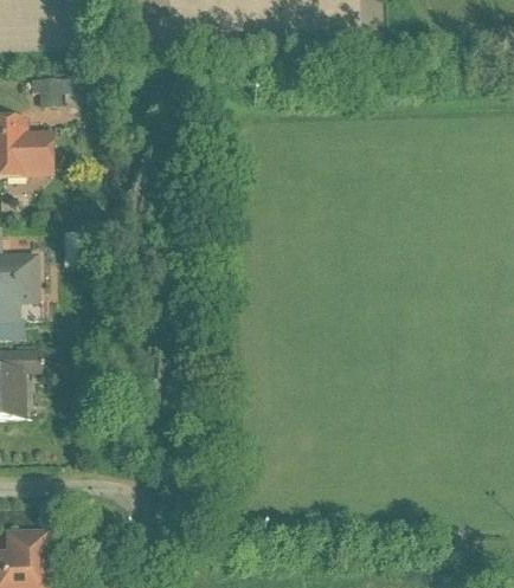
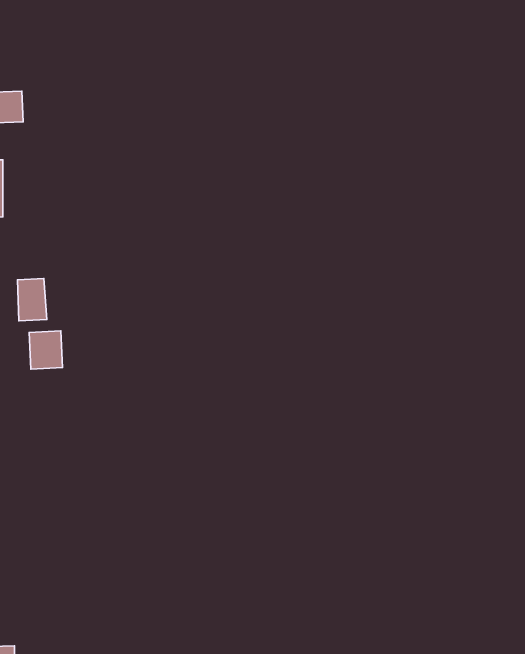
building: none -> [29,331,63,369]

